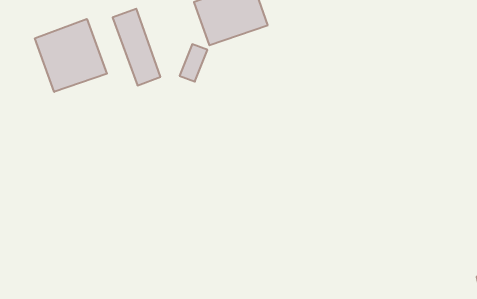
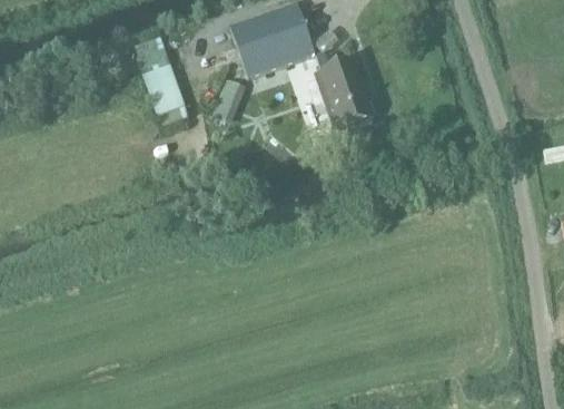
building: [35,19,107,92] -> none
building: none -> [315,59,374,130]

